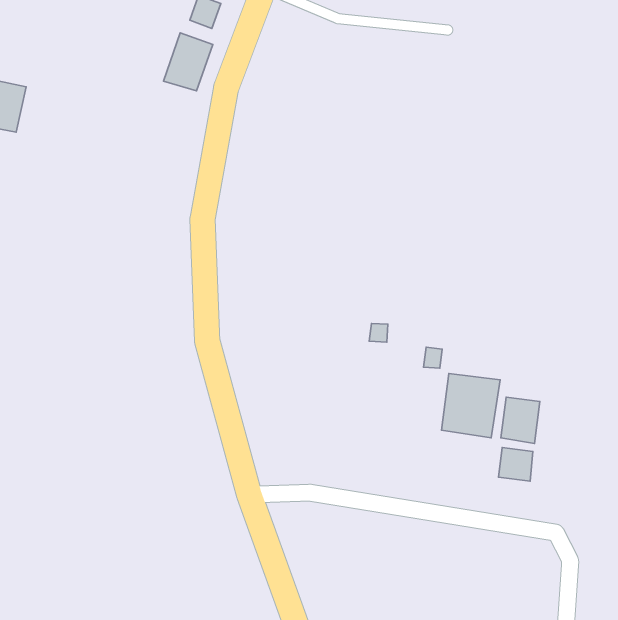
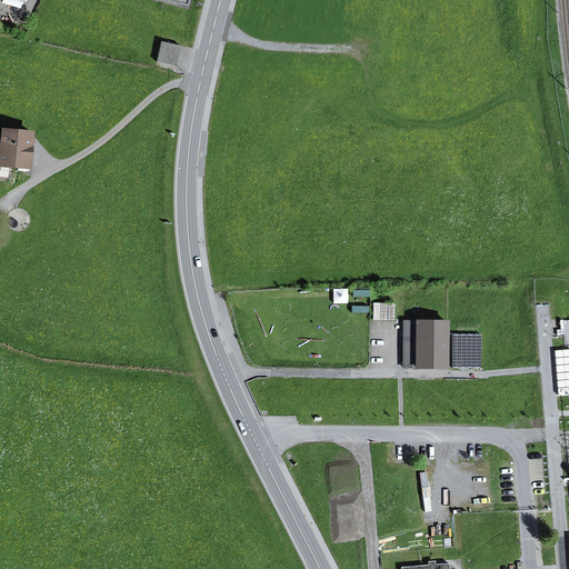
building: [163,33,213,91] -> none
building: [498,448,533,481] -> none

